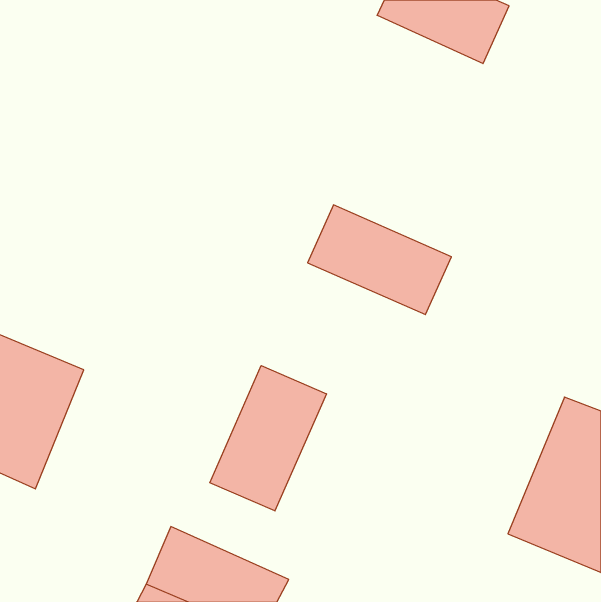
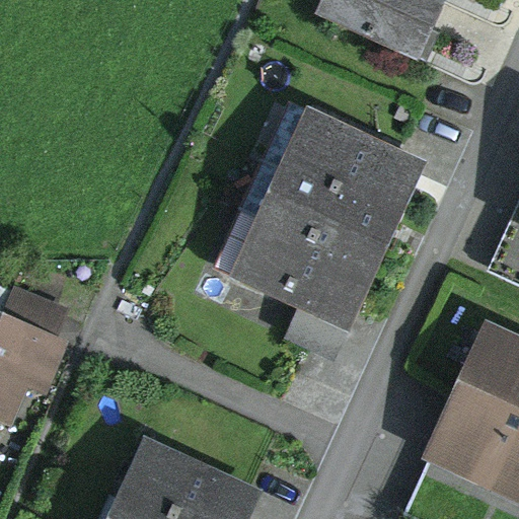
building: none -> [287,126,411,221]
building: none -> [242,226,366,320]
building: [210,366,326,511] -> none

